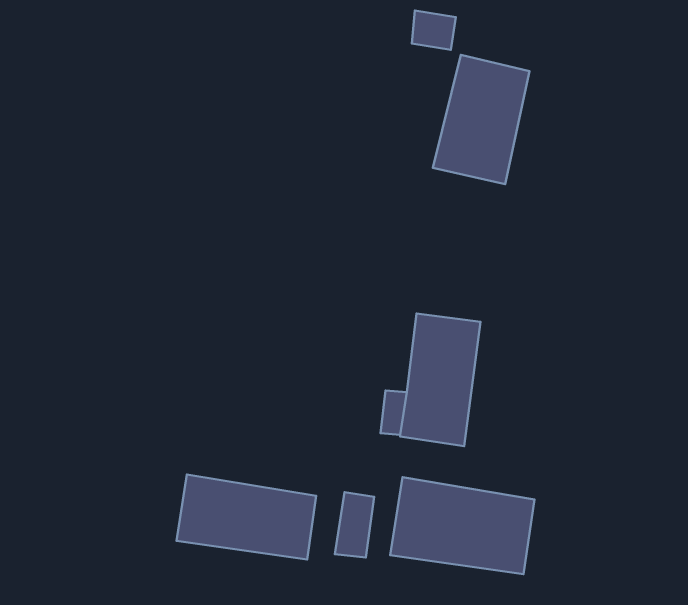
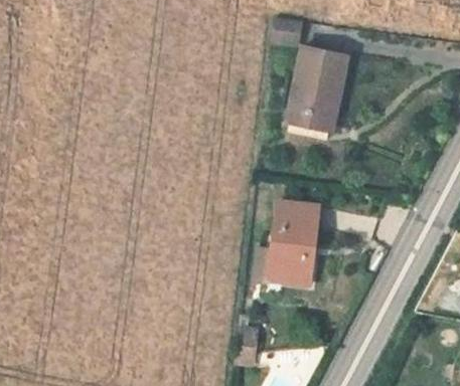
building: [176,474,316,559] -> none
building: [390,477,535,574] -> none

